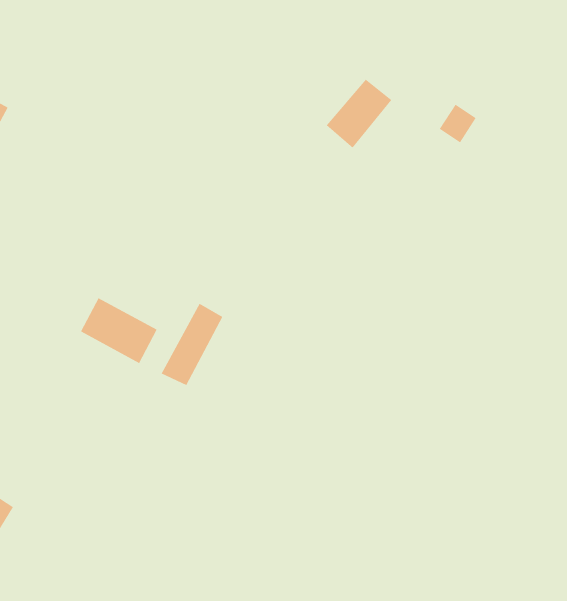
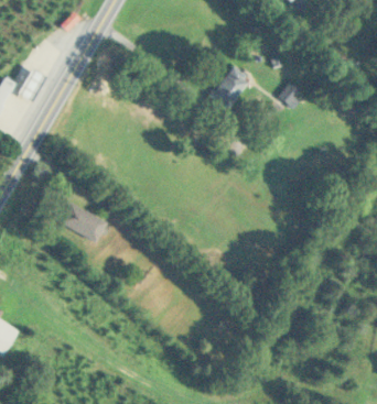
building: [161,303,223,386] -> none

